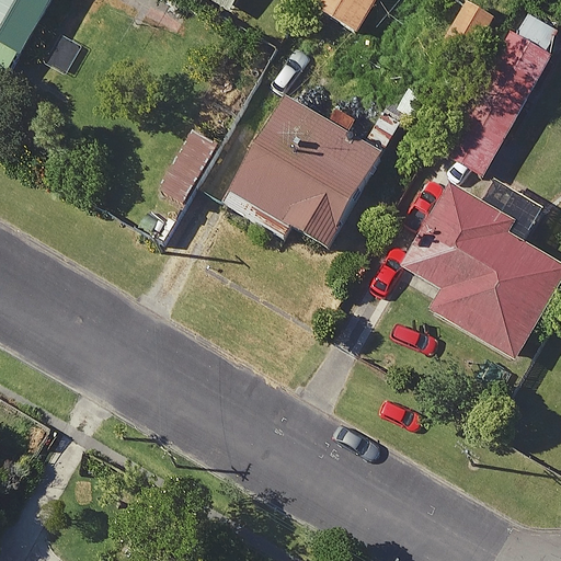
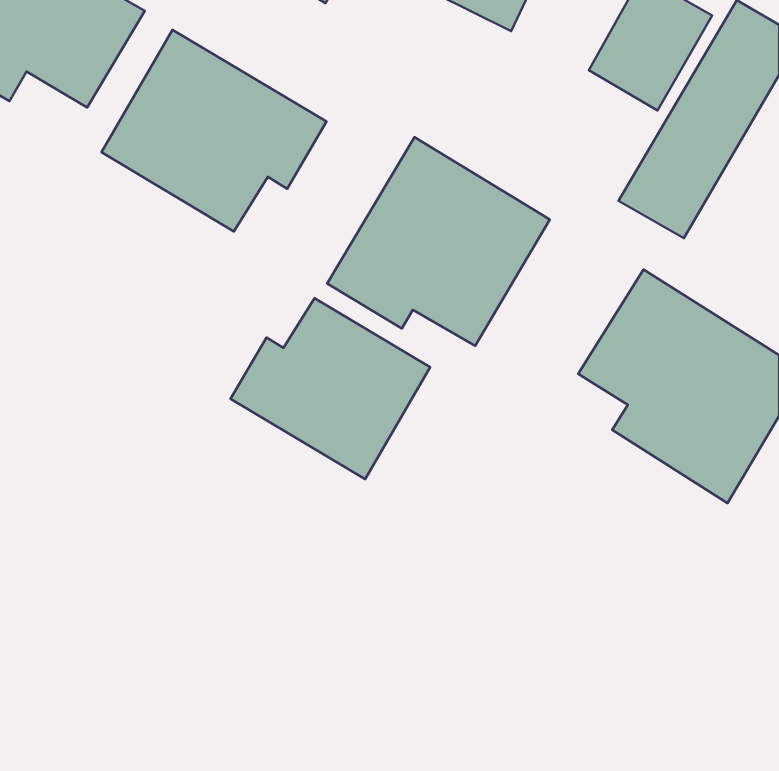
building: none -> [102,30,327,231]
building: none -> [230,298,430,479]

